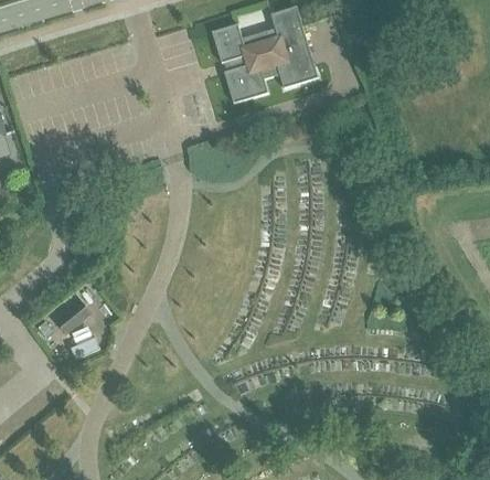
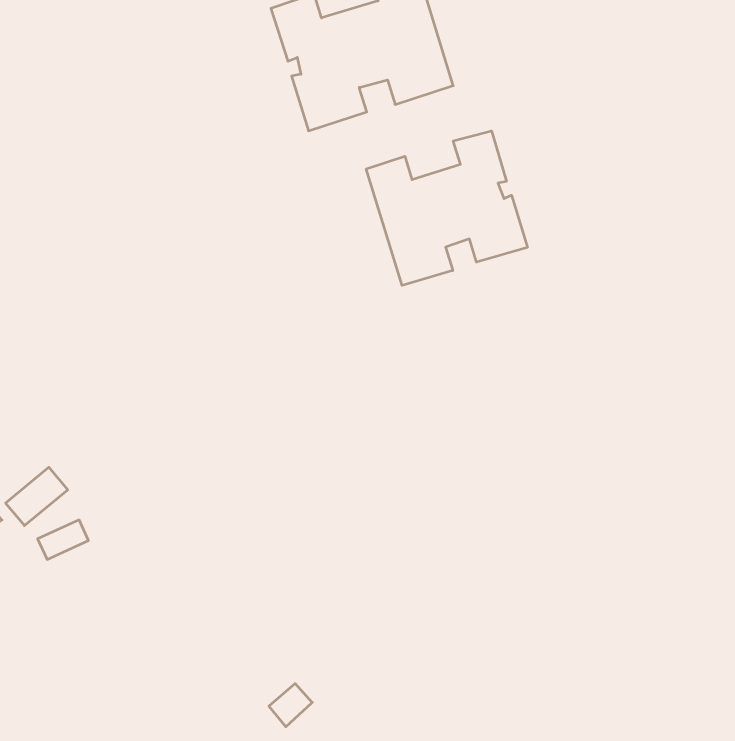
building: none -> [366,131,527,285]

